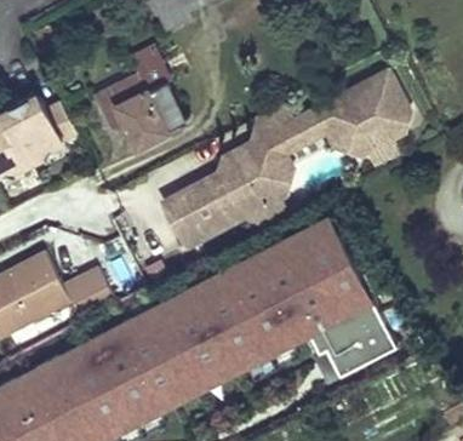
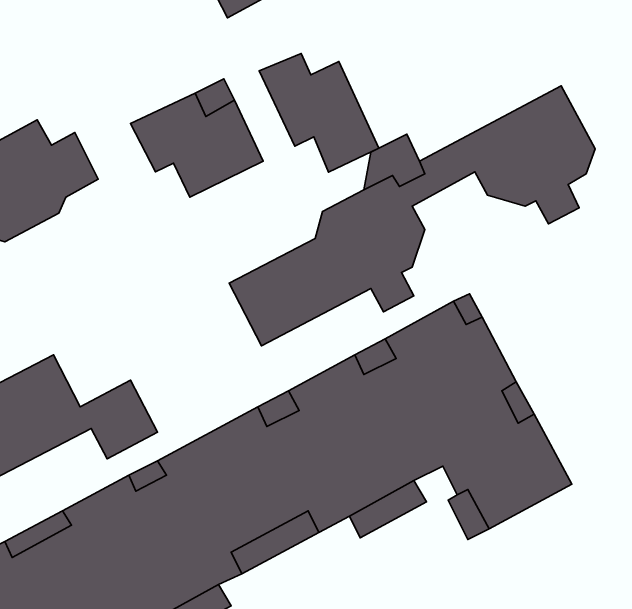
building: none -> [259,54,379,172]

